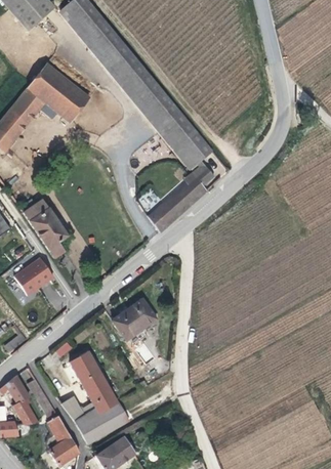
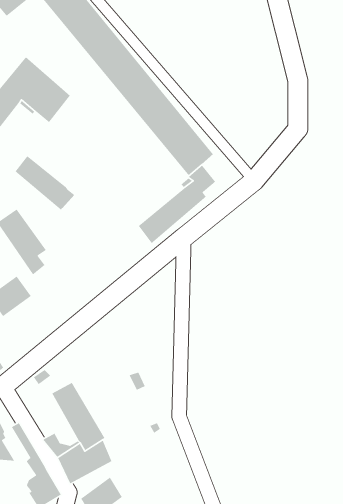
building: none -> [14,155,75,211]
building: [113,296,158,338] -> none

